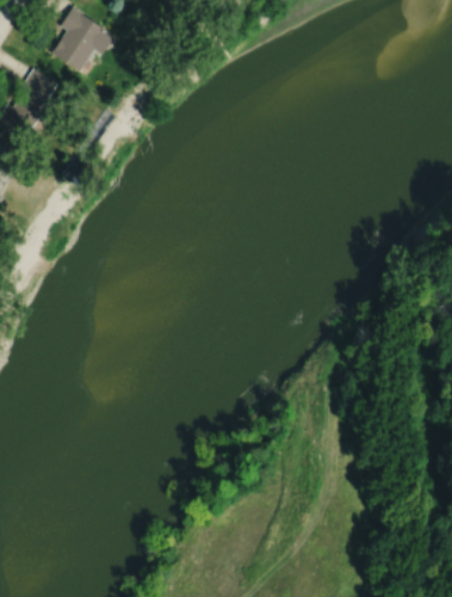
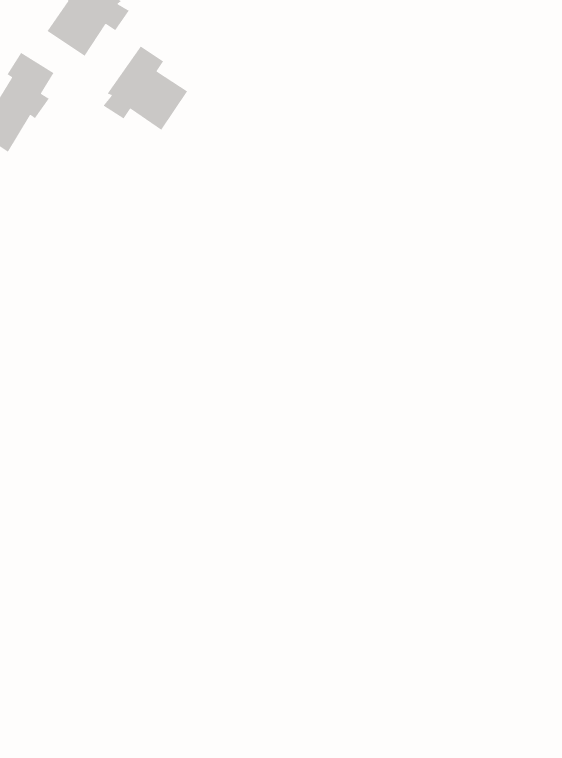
building: none -> [103,45,188,131]

